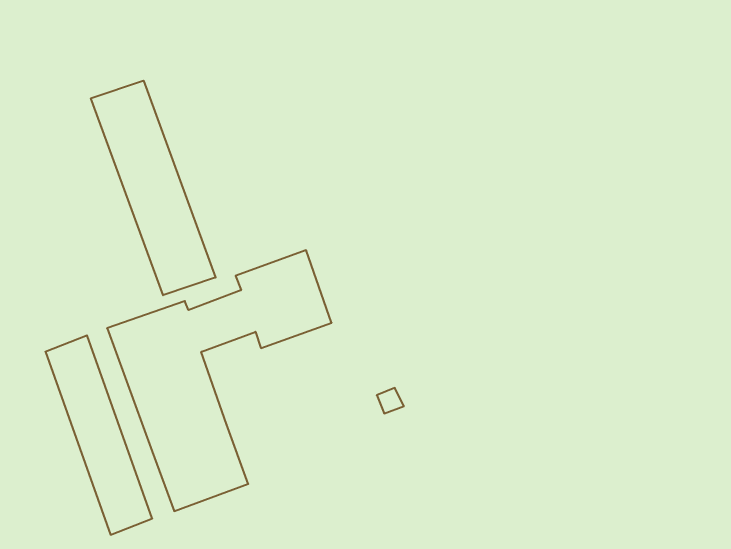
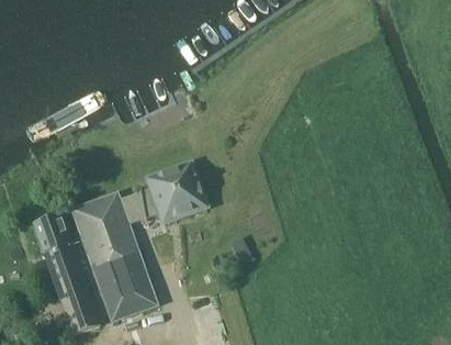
building: [91,81,216,295] -> none

